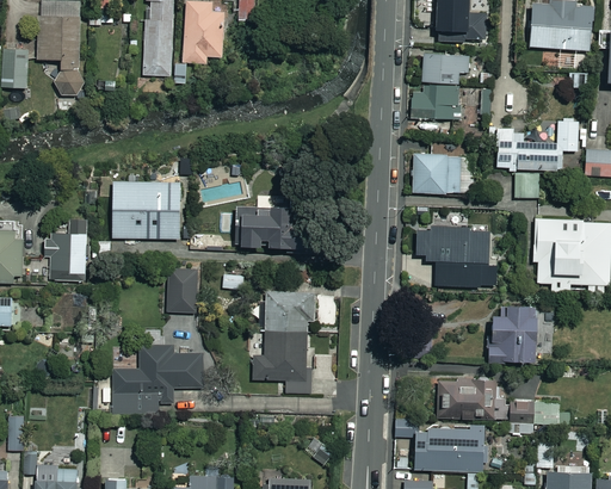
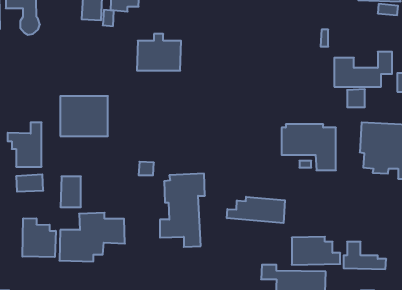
building: [422,55,469,82] -> none
building: [411,87,457,118] -> none
building: [412,156,459,193] -> none
building: [234,197,296,248] -> [137,34,181,71]
building: [166,270,195,312] -> [60,176,81,207]
building: [487,305,536,364] -> none
building: none -> [227,197,285,223]
building: none -> [22,218,56,257]

